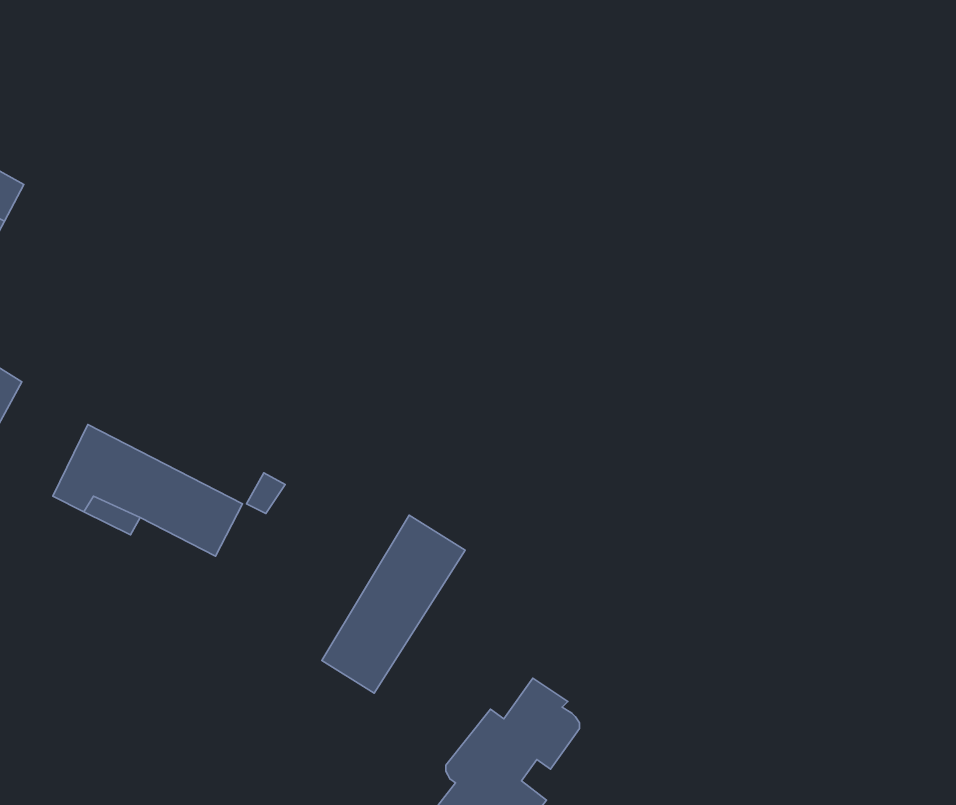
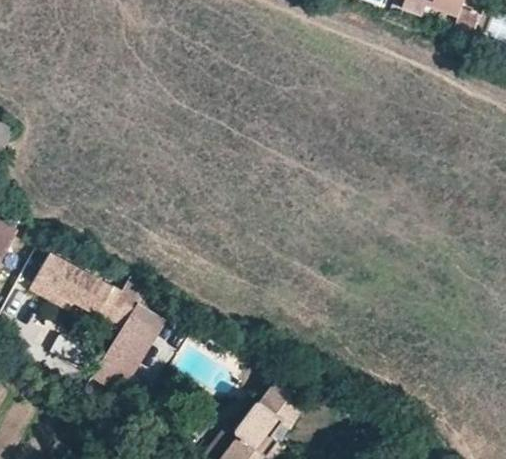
building: [322,515,465,693] -> [90,304,164,396]

